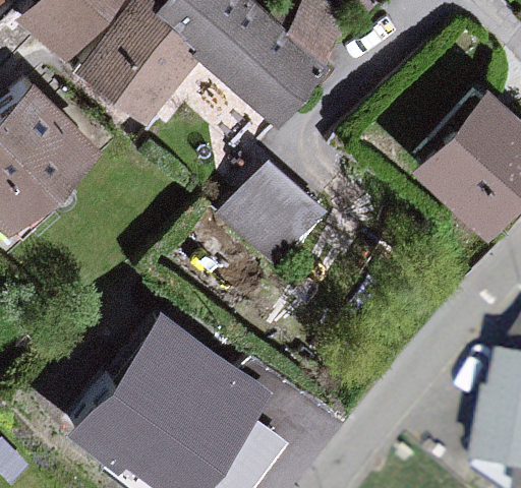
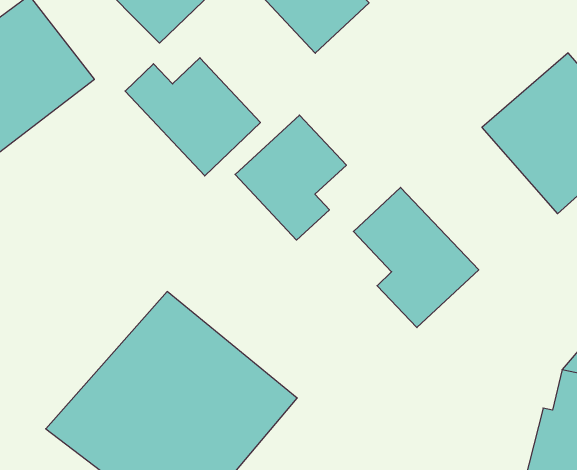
building: none -> [125,58,260,176]
building: none -> [353,187,479,328]

